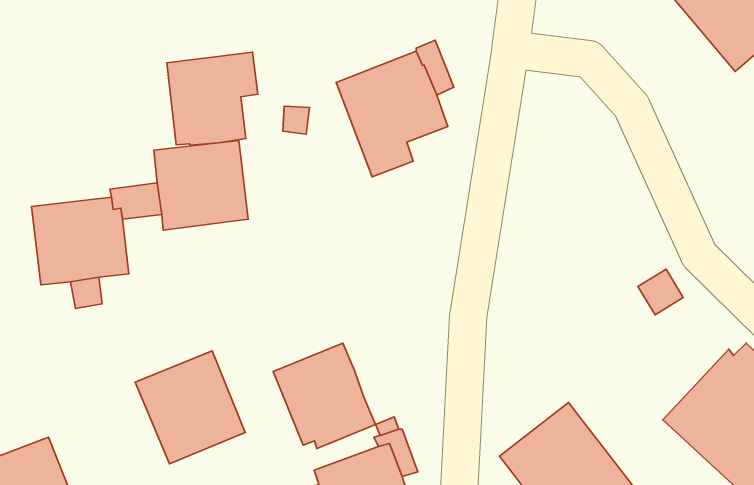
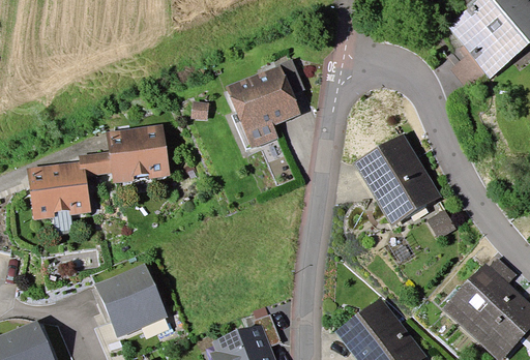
building: [167,52,258,145] -> none
building: none -> [353,133,441,227]
building: [273,343,375,448] -> none

